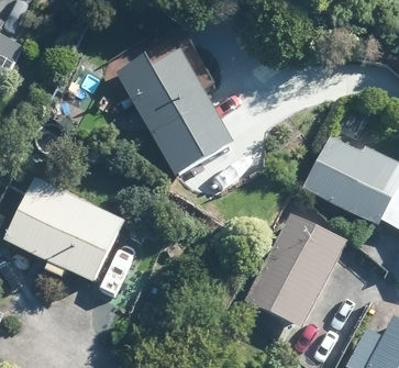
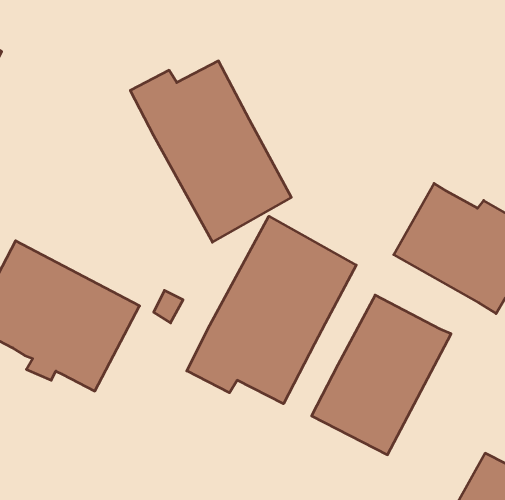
building: none -> [187,216,356,404]

